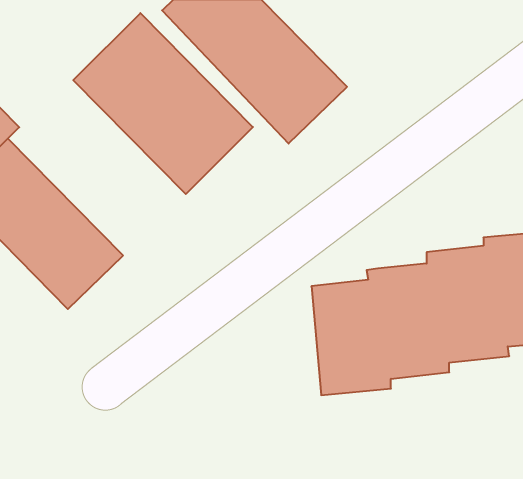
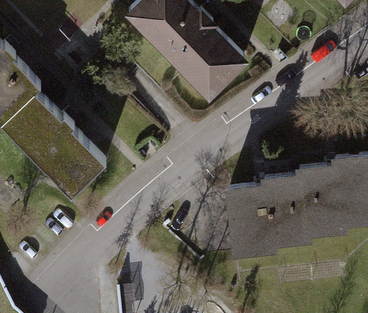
building: [73,13,253,194] -> none

